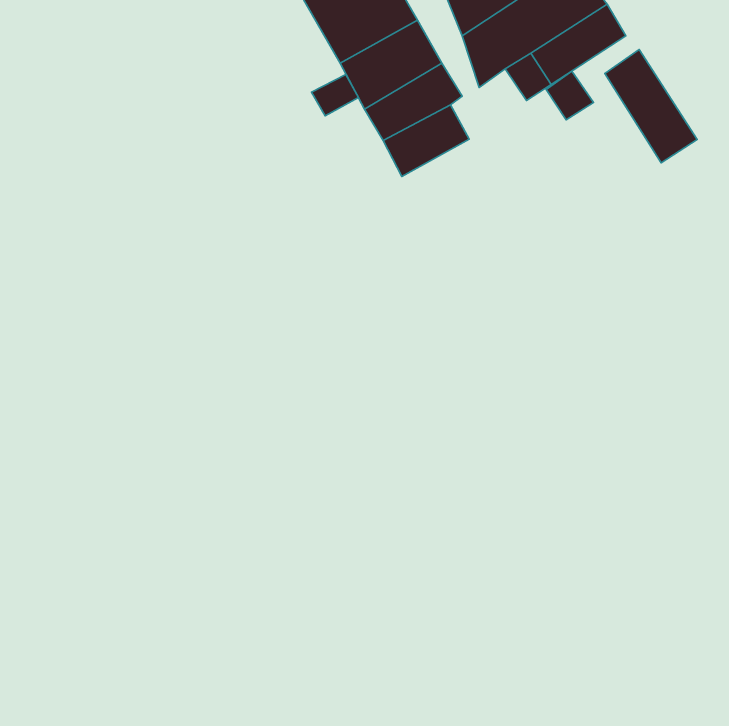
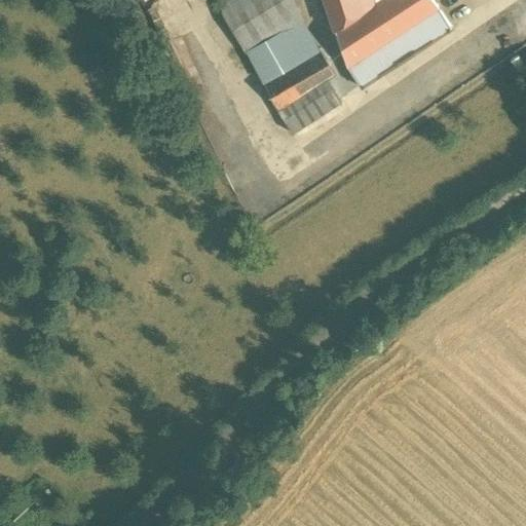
building: [605,50,697,163] -> none
building: [546,71,593,120] -> [343,49,377,84]
building: [311,74,358,116] -> none

